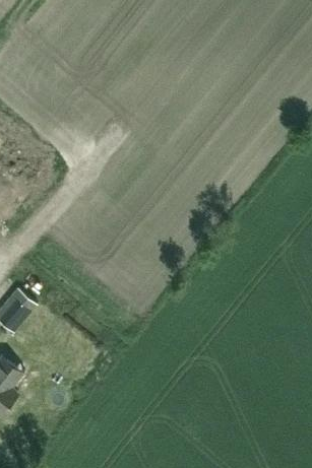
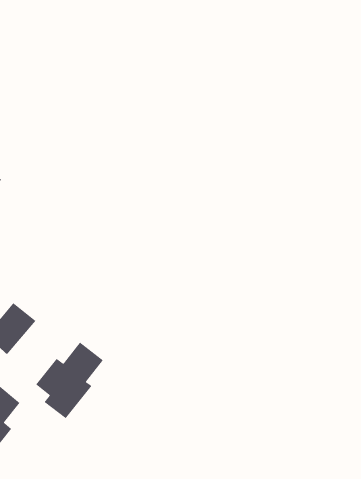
building: none -> [35,342,104,419]

